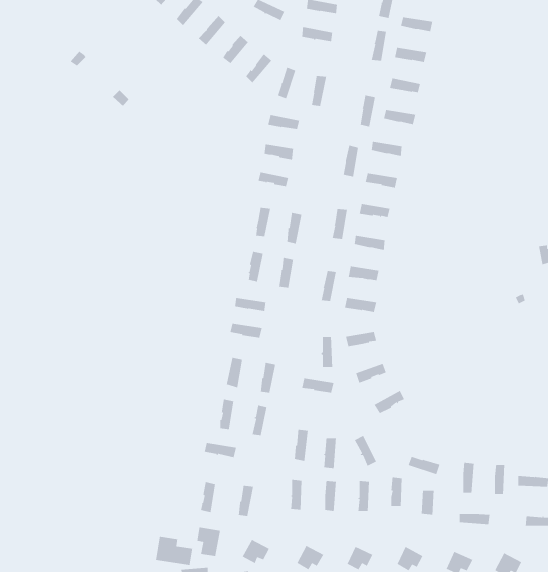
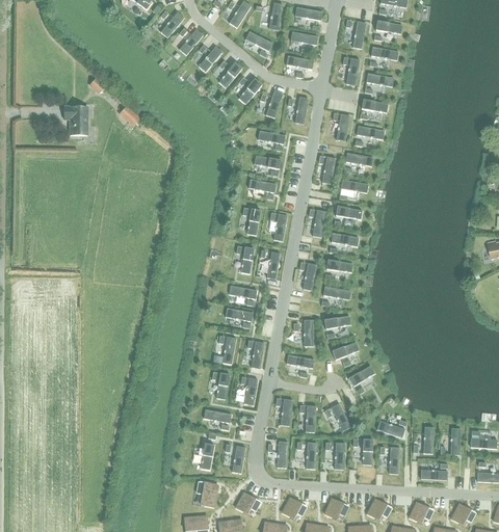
building: none -> [63,106,87,135]
building: [155,536,193,566] -> none

